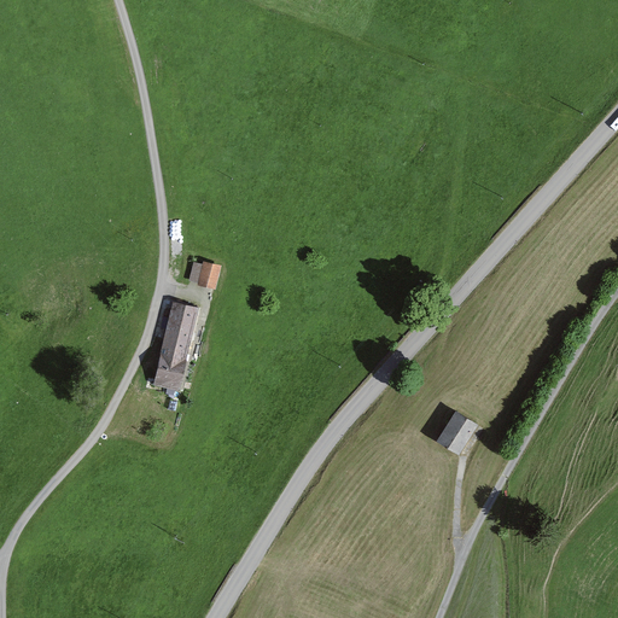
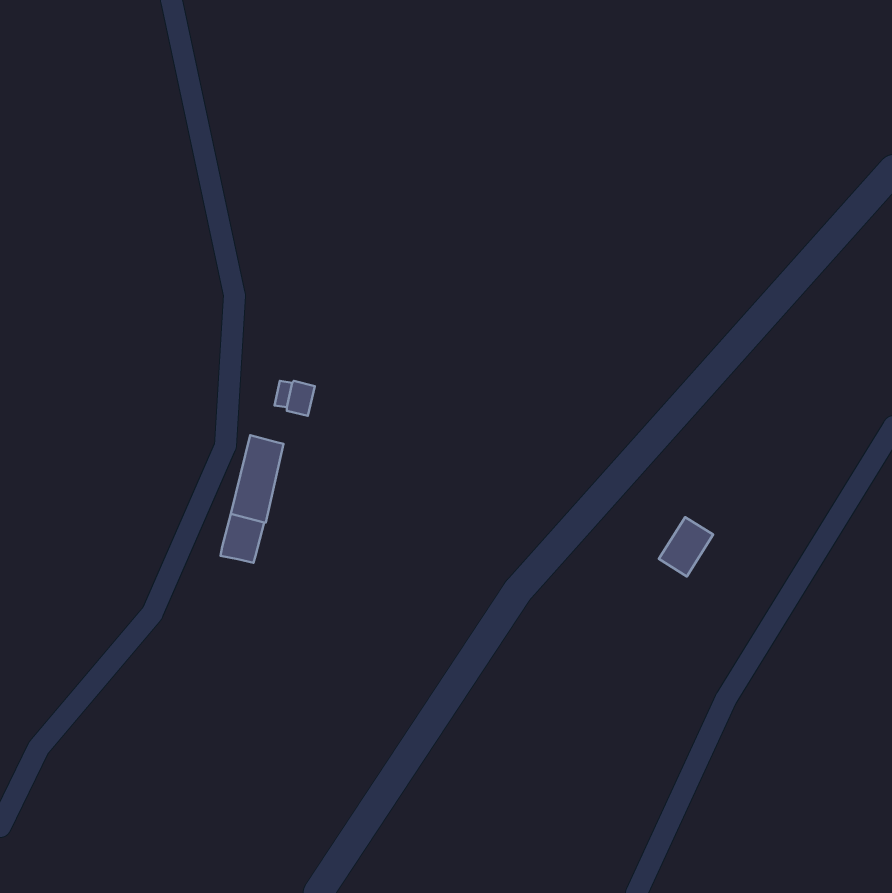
building: [438,412,476,453] -> [659,517,713,576]

